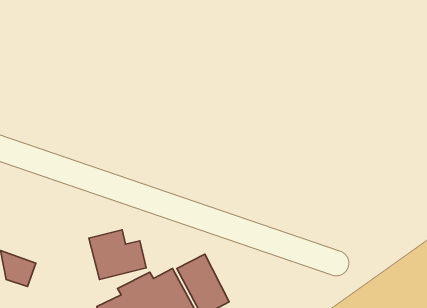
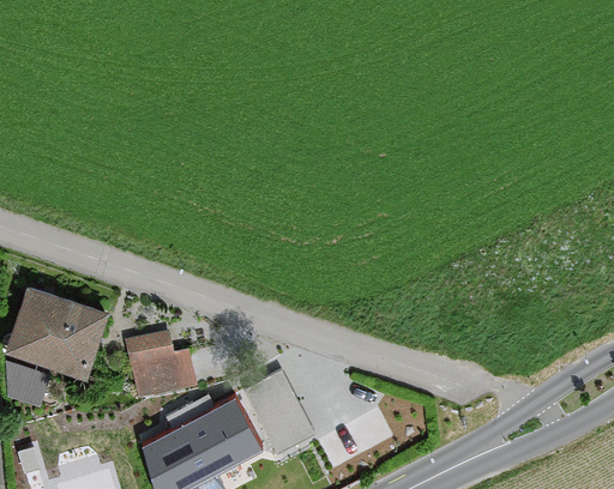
building: none -> [10,289,109,378]

